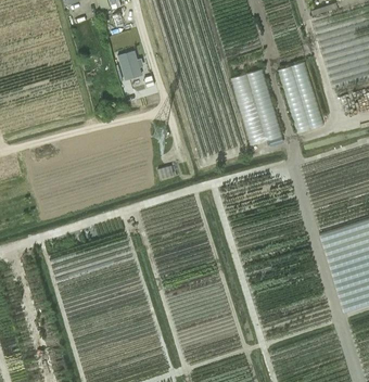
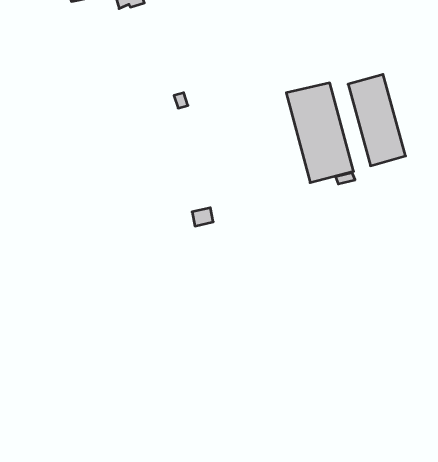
building: [117,50,141,80] -> none

